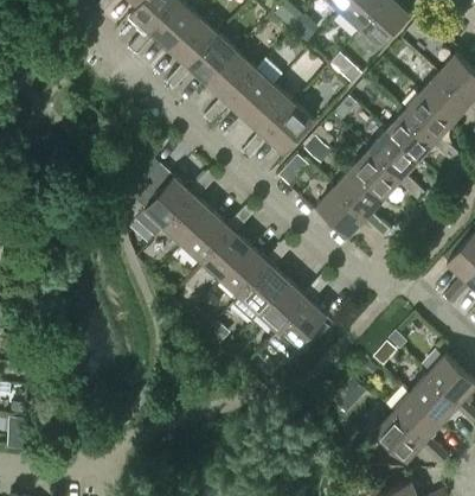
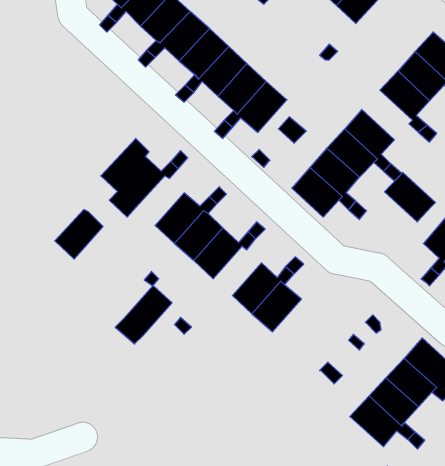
building: [386,113,436,161] -> [385,172,435,222]
building: [165,197,212,246] -> [55,210,103,259]
building: [232,266,288,323] -> [115,286,172,344]

